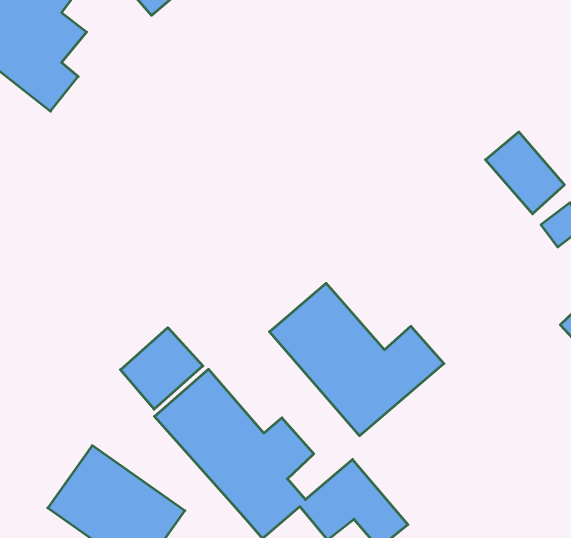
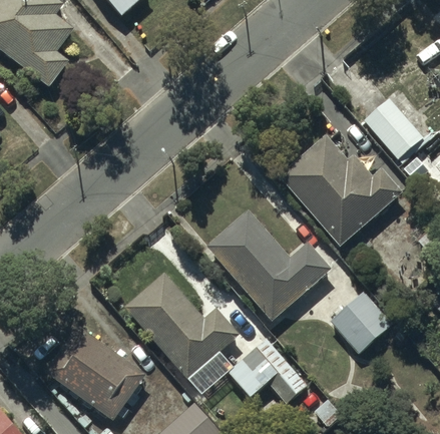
building: none -> [279,134,402,246]
building: [120,328,203,409] -> none
building: none -> [330,292,392,353]

